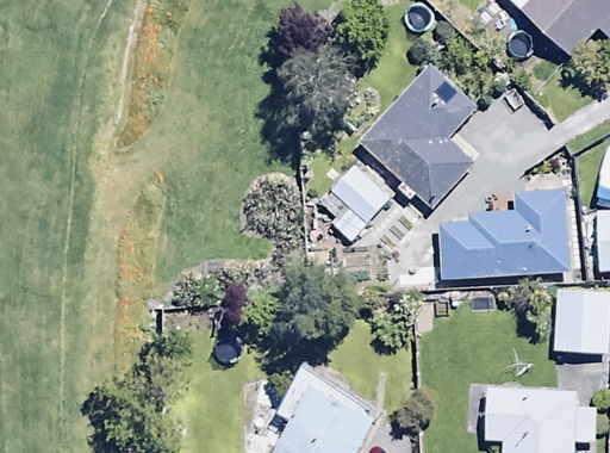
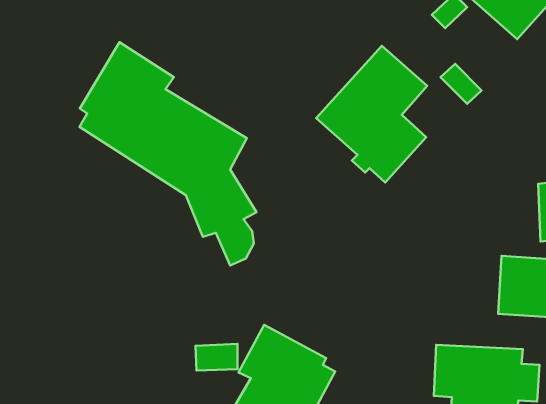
building: none -> [80,42,256,266]
building: [318,166,390,243] -> none
building: [436,187,573,278] -> none

